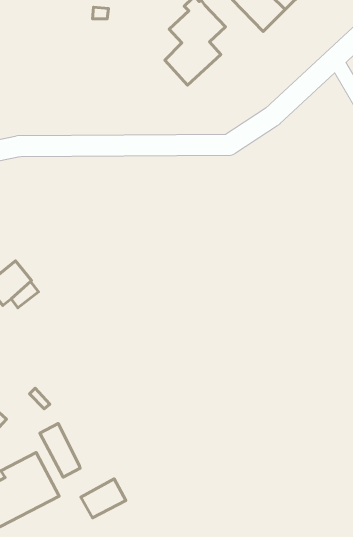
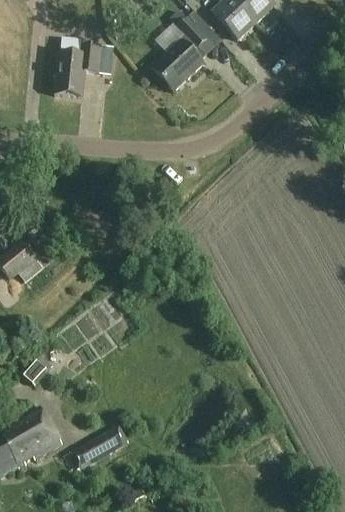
building: none -> [55,37,101,94]
building: [40,424,80,477] -> none

